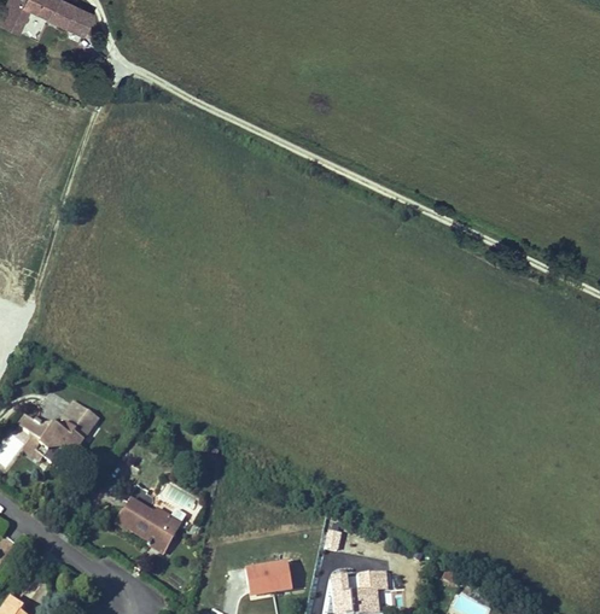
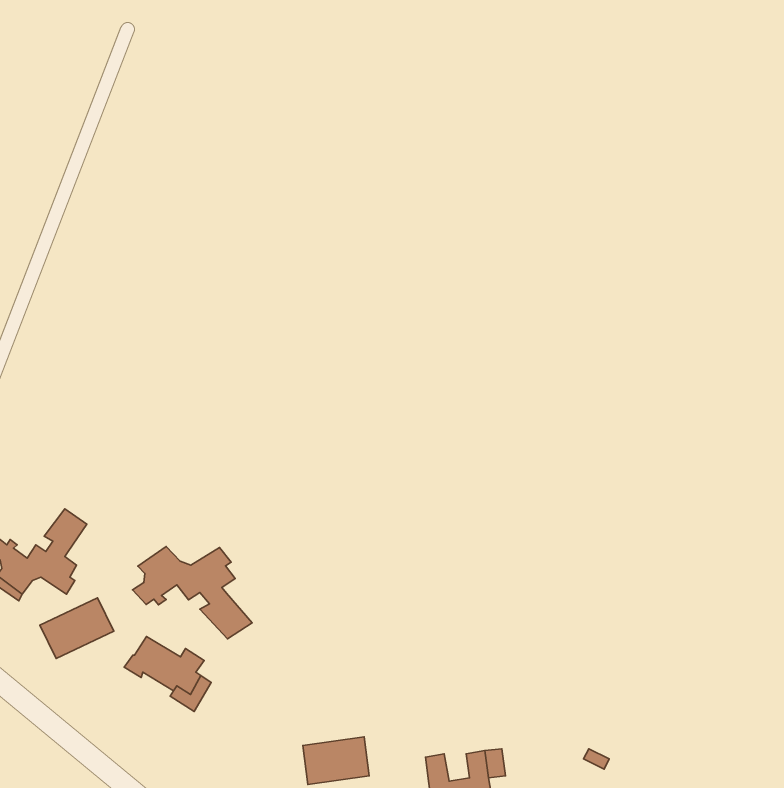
building: none -> [132,547,252,639]
building: none -> [40,598,114,658]

